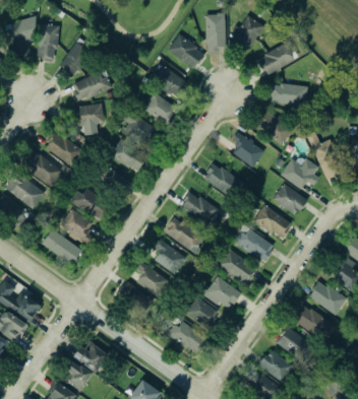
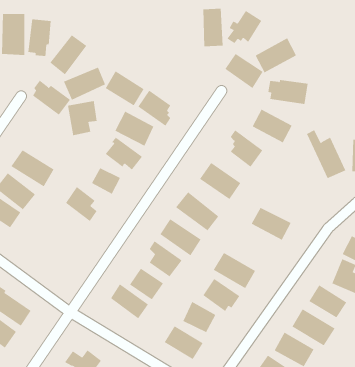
building: [167,35,204,69] -> [225,53,263,89]
building: [150,64,188,98] -> [105,70,145,106]
building: [46,132,83,167] -> [32,80,71,115]
building: [280,158,319,189] -> none
building: [273,183,307,214] -> none
building: [59,209,93,244] -> none
building: [233,224,274,264] -> none
building: [41,229,81,265] -> none

